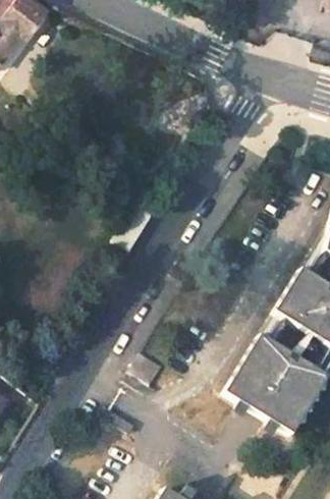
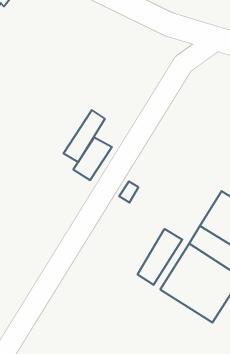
building: none -> [64,110,105,162]
building: none -> [138,229,182,285]

